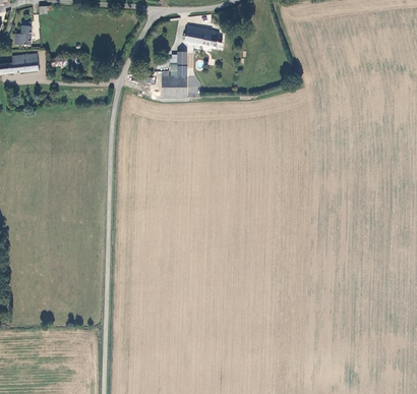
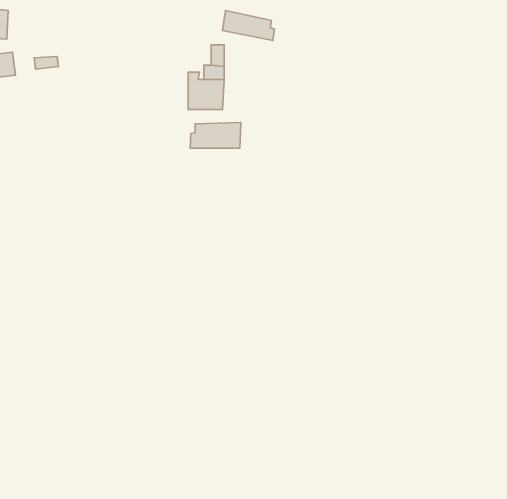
building: none -> [190,123,241,148]

